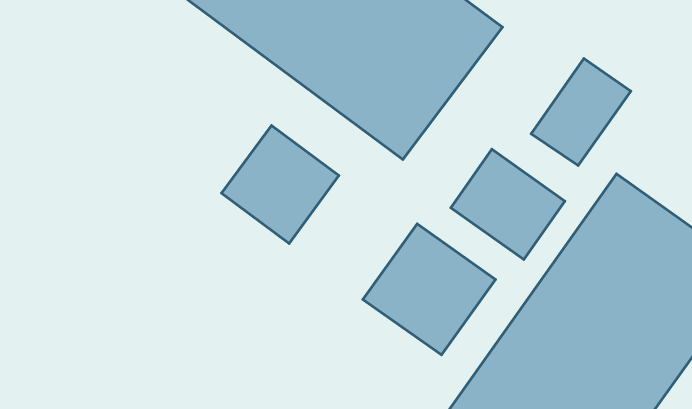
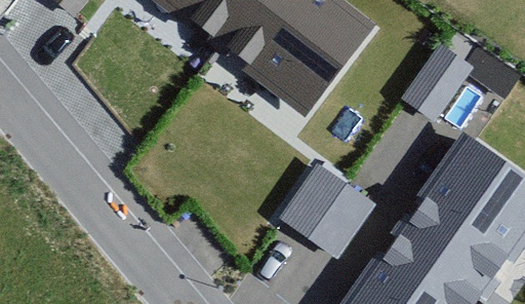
building: [222,125,339,243] -> none
building: [451,149,565,260] -> none

